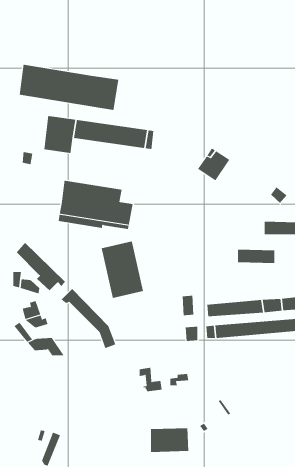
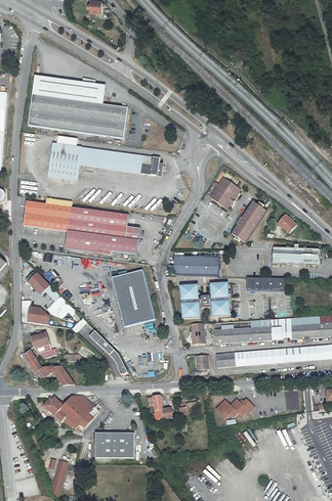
building: none -> [32,75,103,103]
building: none -> [231,200,265,241]
building: none -> [26,201,73,231]
building: none -> [173,255,219,275]
building: none -> [181,285,230,320]
building: none -> [43,395,97,428]
building: none -> [215,398,253,415]
building: [150,428,189,452] -> [94,431,133,456]

